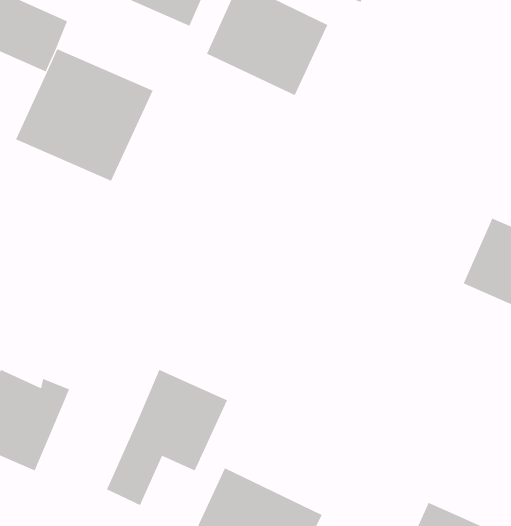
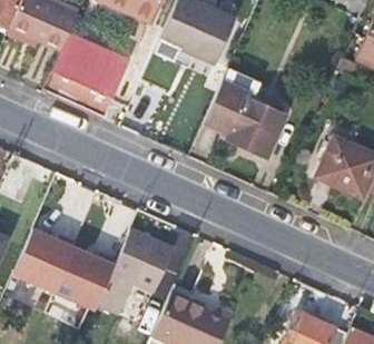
building: none -> [204,87,284,156]
building: none -> [56,248,118,309]

